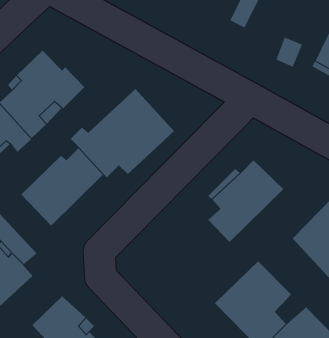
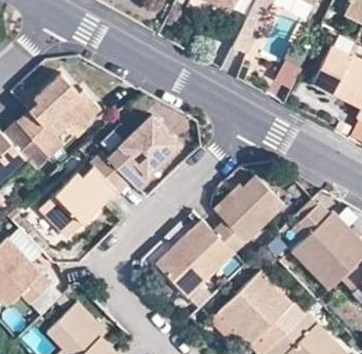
building: none -> [156,220,234,299]

